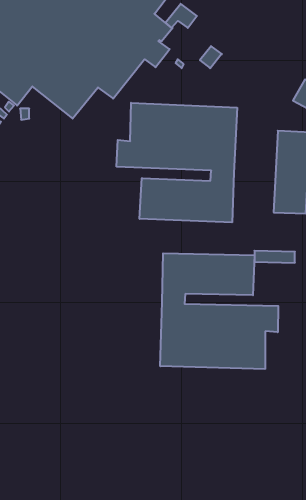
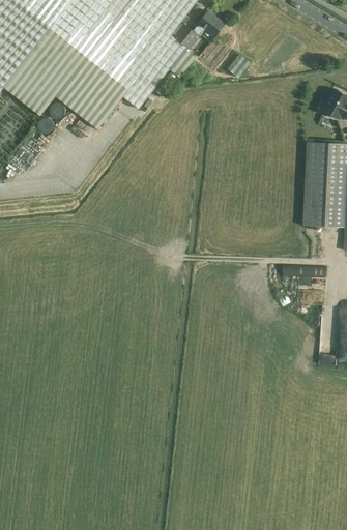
building: [117,103,237,222] -> none
building: [160,253,278,369] -> none

